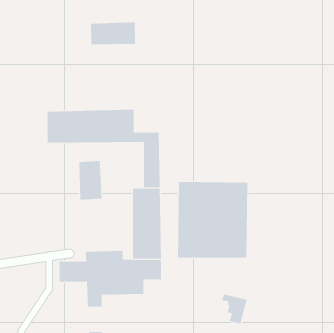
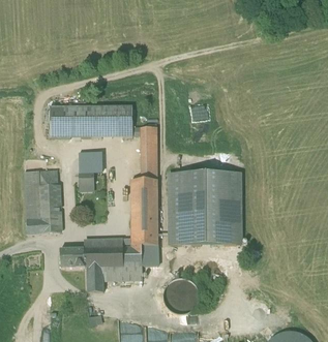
building: [90,21,136,45] -> none
building: none -> [26,172,63,235]
building: [221,294,247,325] -> [171,278,196,307]

